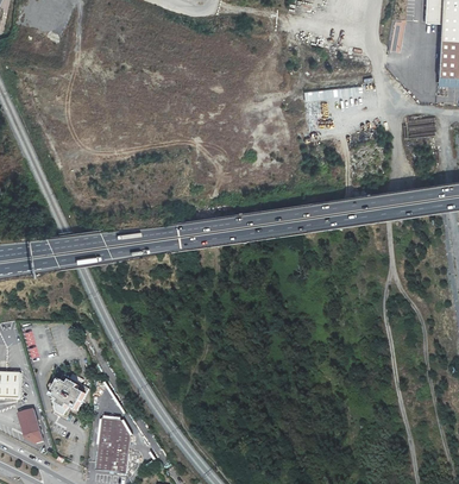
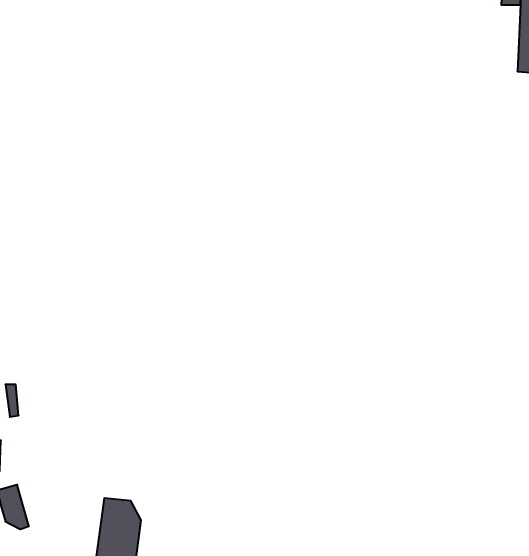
building: [52,379,87,411] -> none

